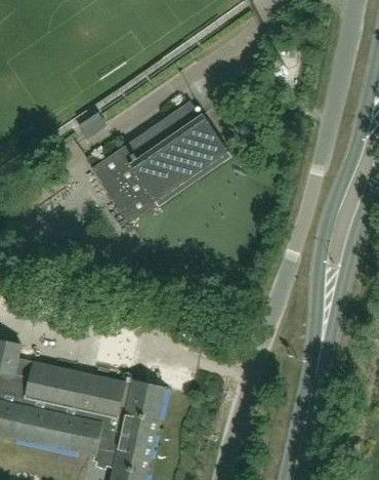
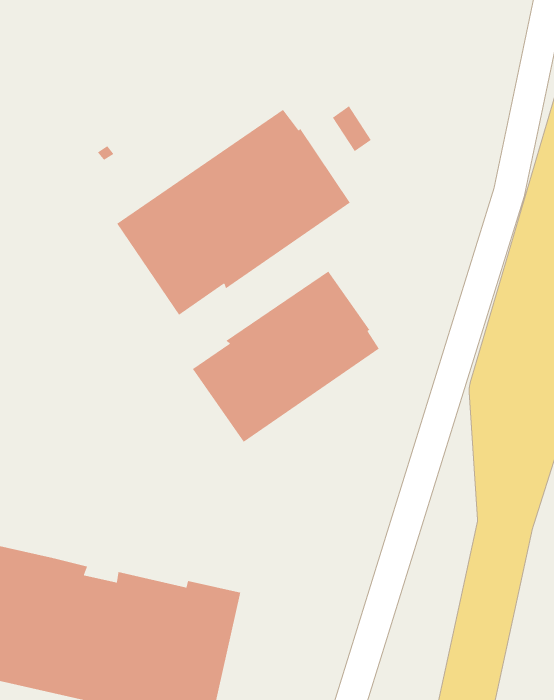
building: none -> [192,270,380,443]

